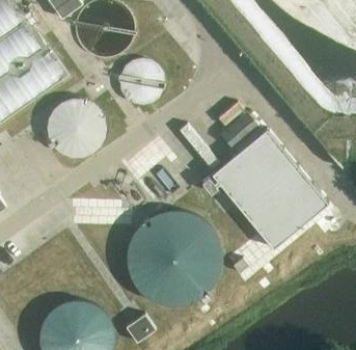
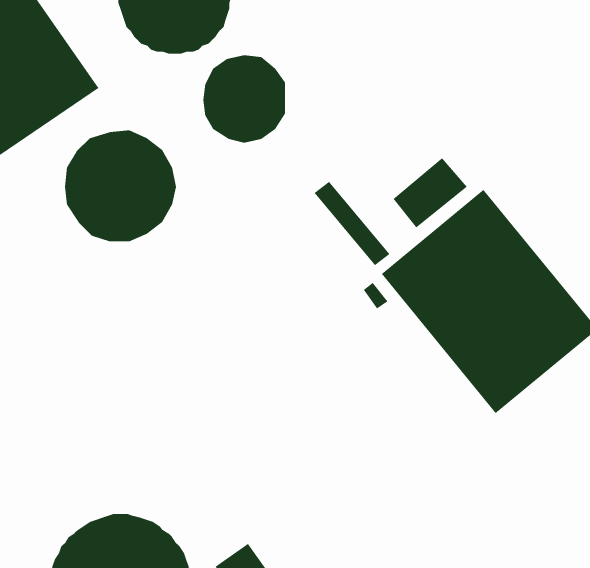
building: [126,211,222,306] -> none

